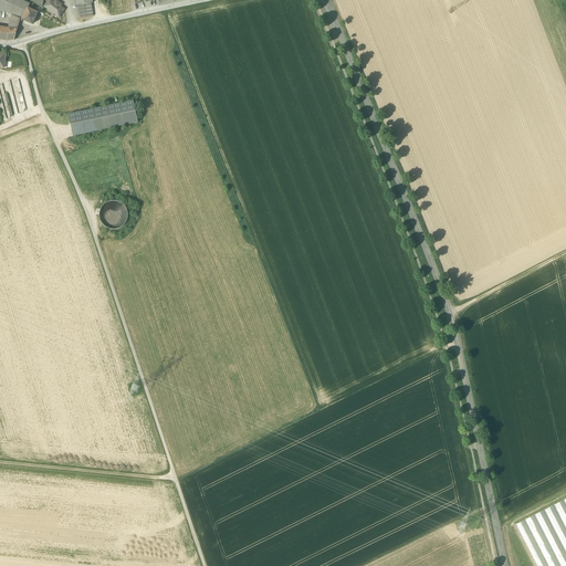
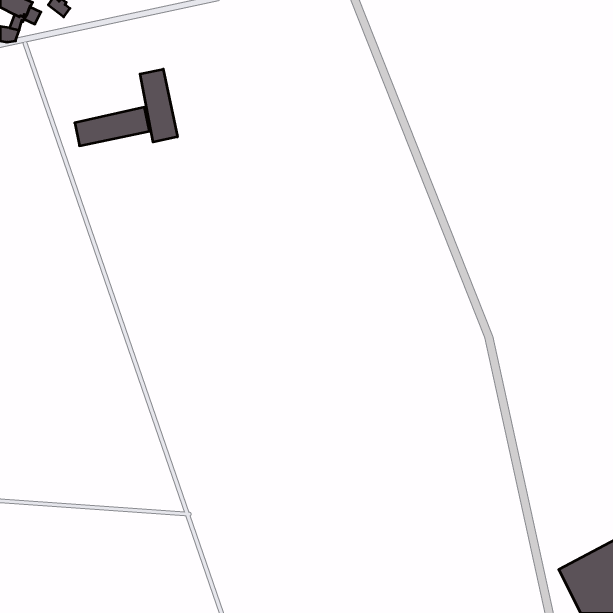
building: none -> [140,69,177,142]
building: [102,199,129,227] -> none

